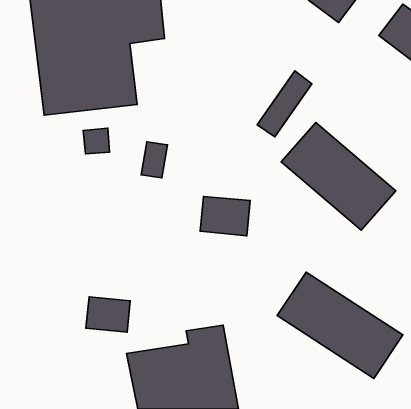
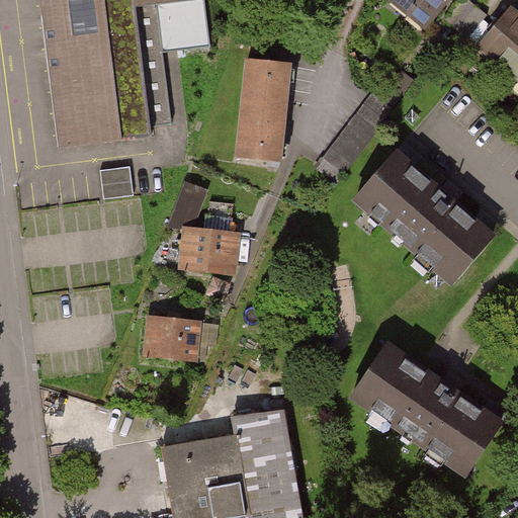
building: none -> [228,57,291,166]
building: [200,196,250,236] -> [176,227,239,276]
building: [86,297,130,332] -> [146,315,201,359]

